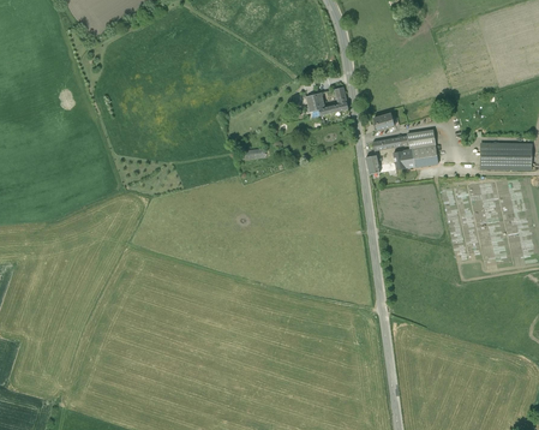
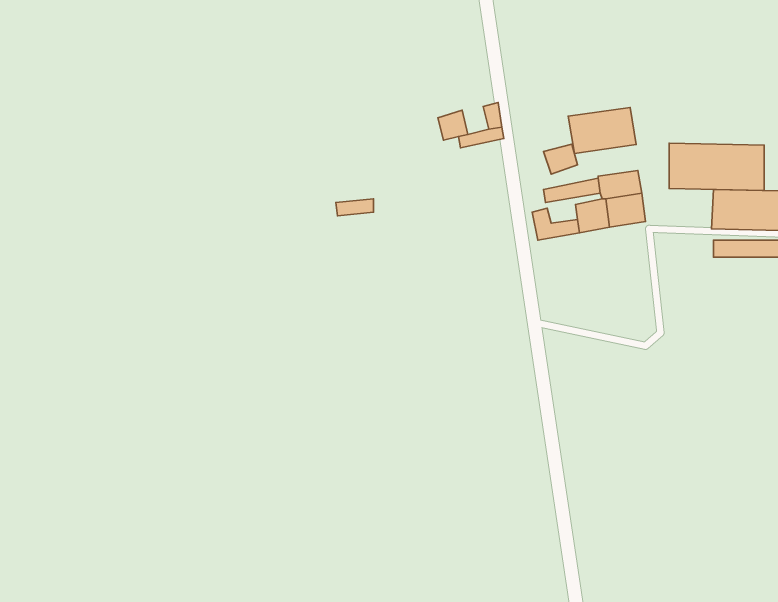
building: none -> [568,107,636,153]
building: none -> [669,143,764,191]

